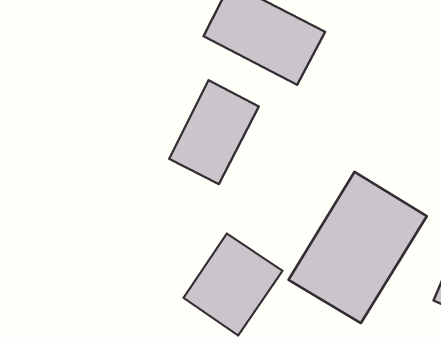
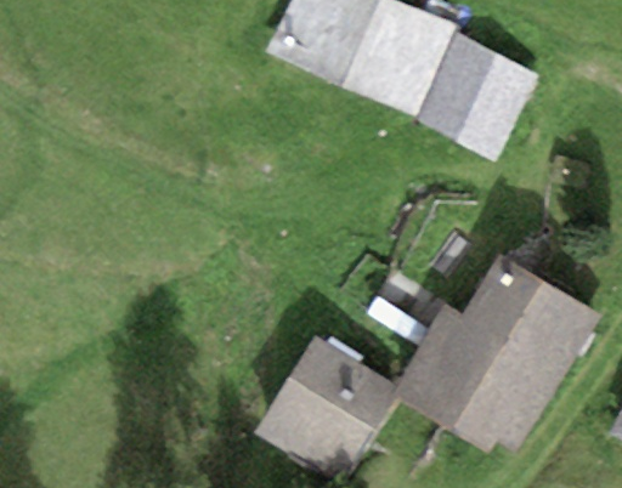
building: none -> [419,49,532,160]
building: [169,80,259,184] -> none

